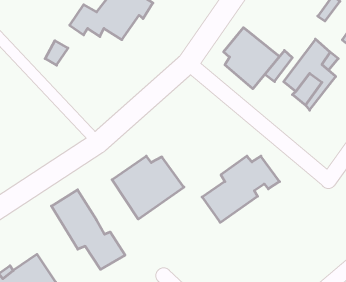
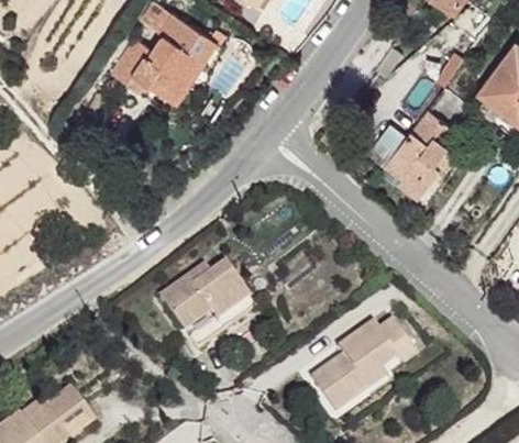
building: [224,28,279,89] -> none
building: [202,156,280,222] -> [320,312,424,401]
building: [51,190,125,269] -> none

